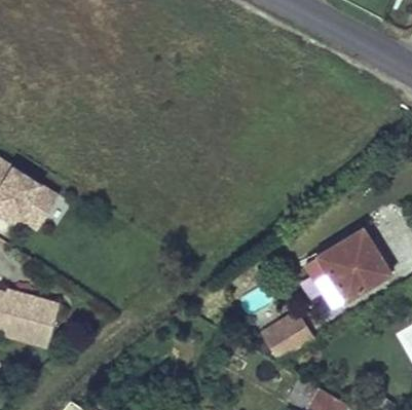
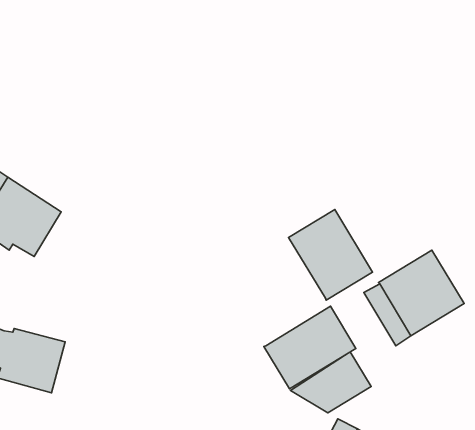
building: none -> [289,210,373,300]
building: none -> [264,306,356,389]

